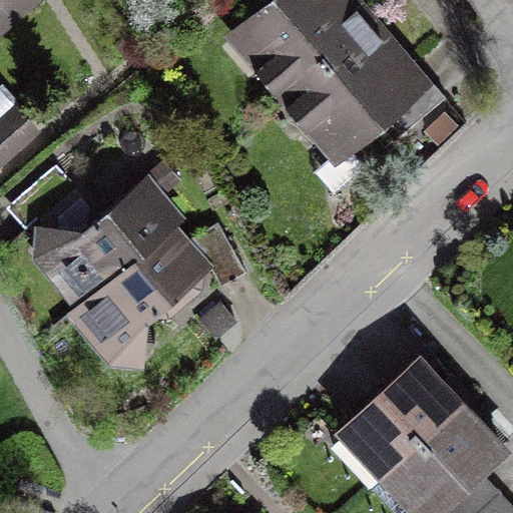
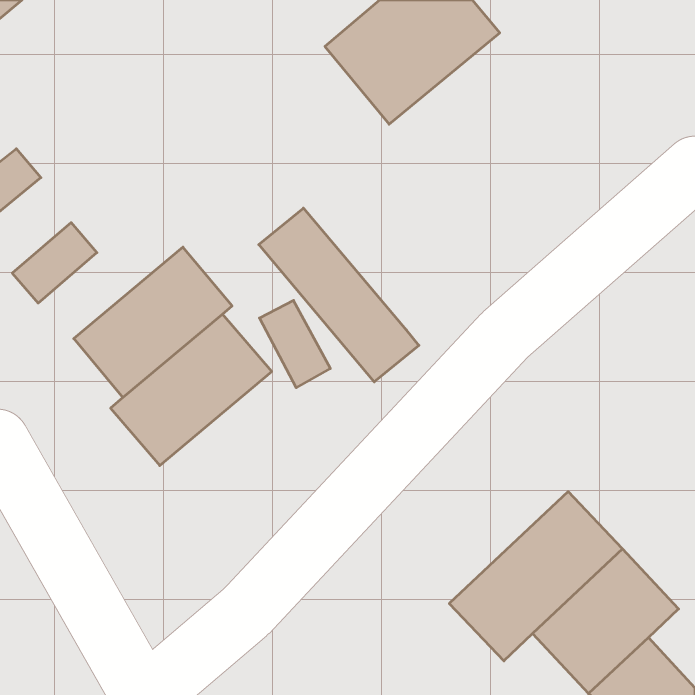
building: [286,26,443,150] -> none
building: none -> [259,208,419,382]

